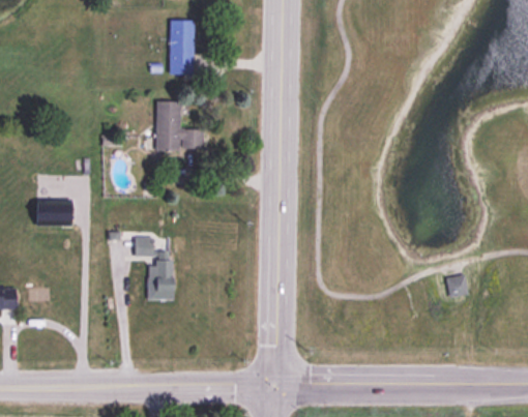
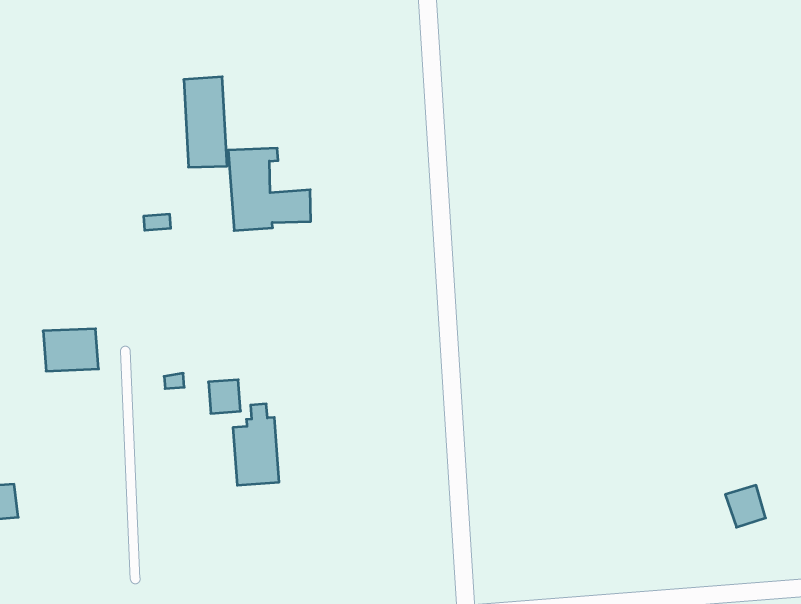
building: [169,21,193,73] -> [184,77,227,167]
building: [446,275,469,299] -> [725,485,766,527]

